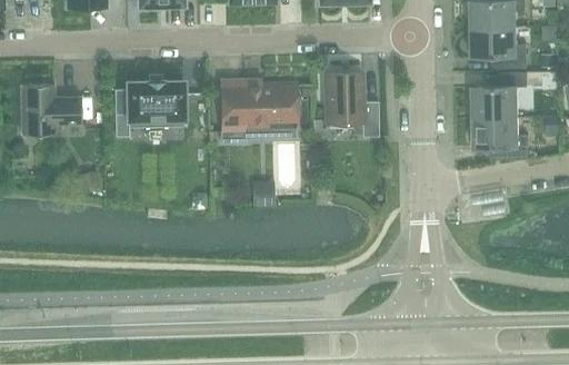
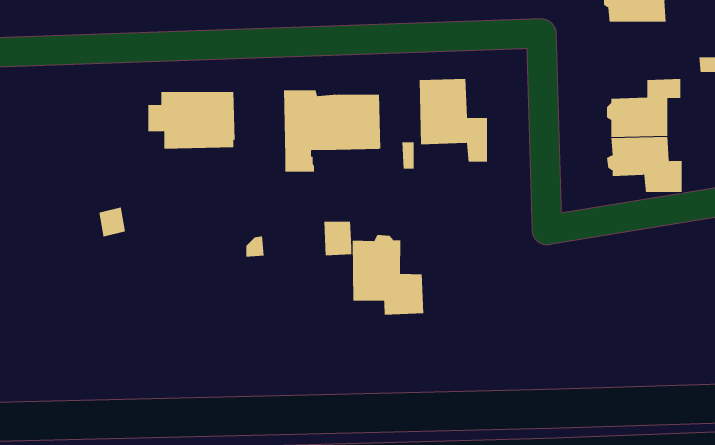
building: [468,27,526,68] -> none
building: [20,82,80,134] -> none
building: none -> [352,234,424,315]

